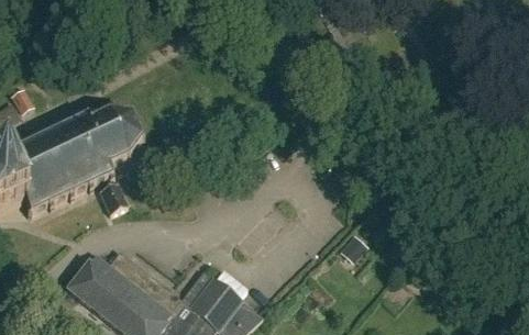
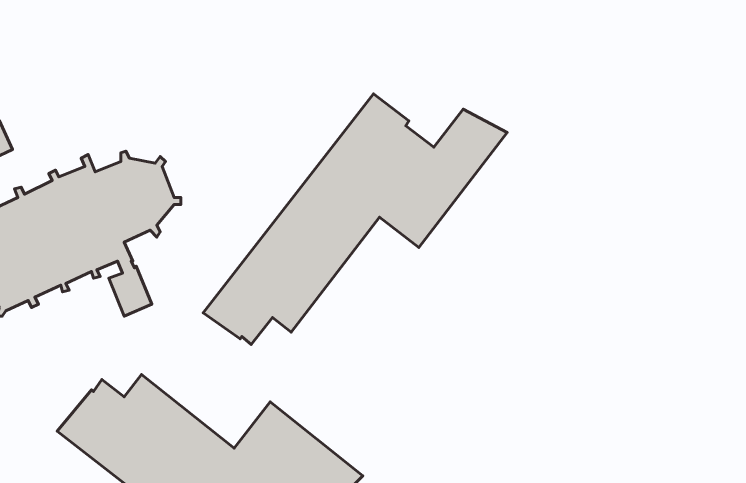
building: none -> [203,94,507,345]

